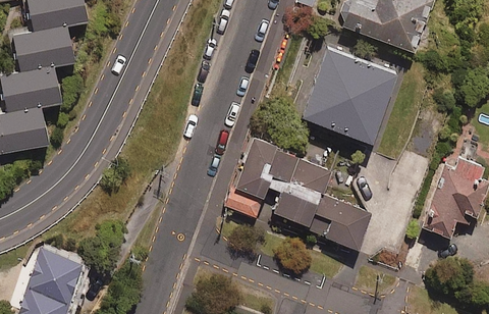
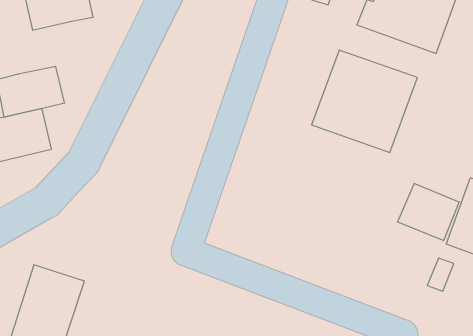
building: [17,21,82,70] -> none
building: [225,140,328,226] -> none
building: [313,197,370,250] -> [397,183,459,241]

